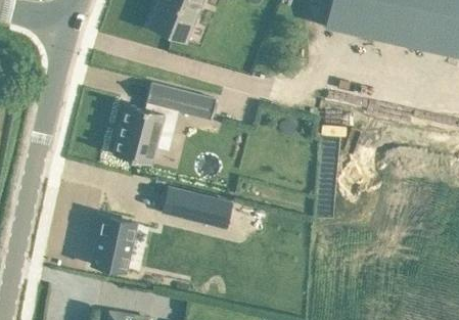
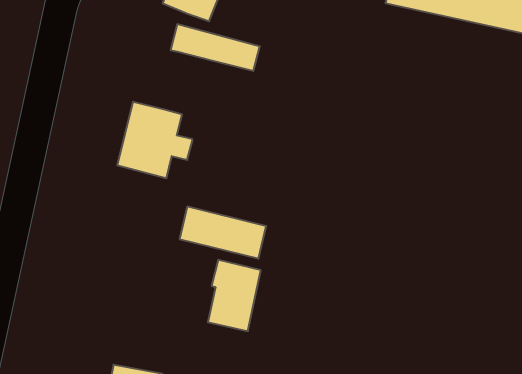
building: [146,83,217,120] -> [171,24,260,71]
building: [93,216,135,272] -> [208,260,261,331]

